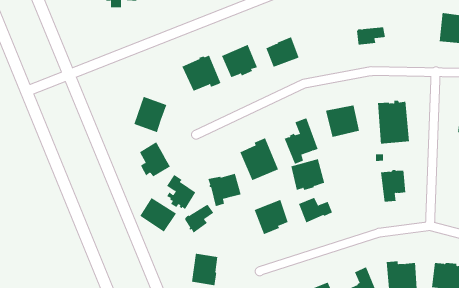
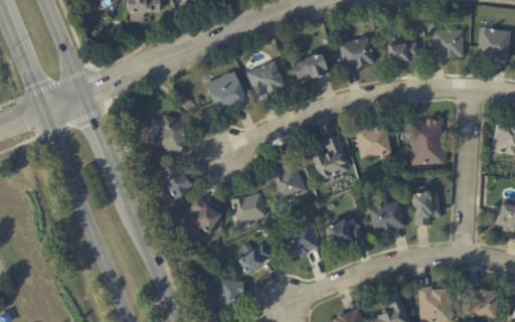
building: none -> [428,28,460,55]
building: none -> [339,36,374,67]
building: [290,159,325,190] -> [369,199,405,232]
building: [139,197,177,232] -> none
building: [185,204,215,234] -> [238,244,270,275]

